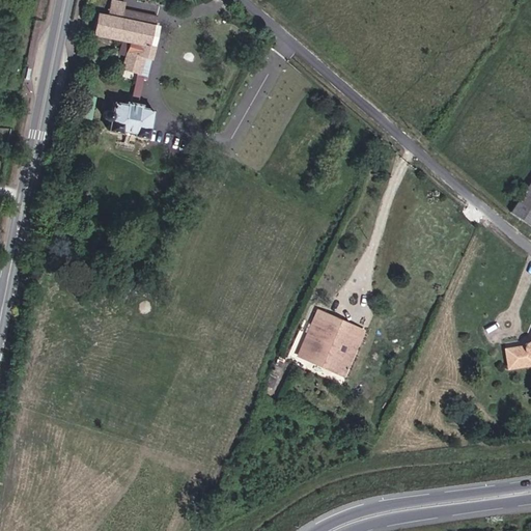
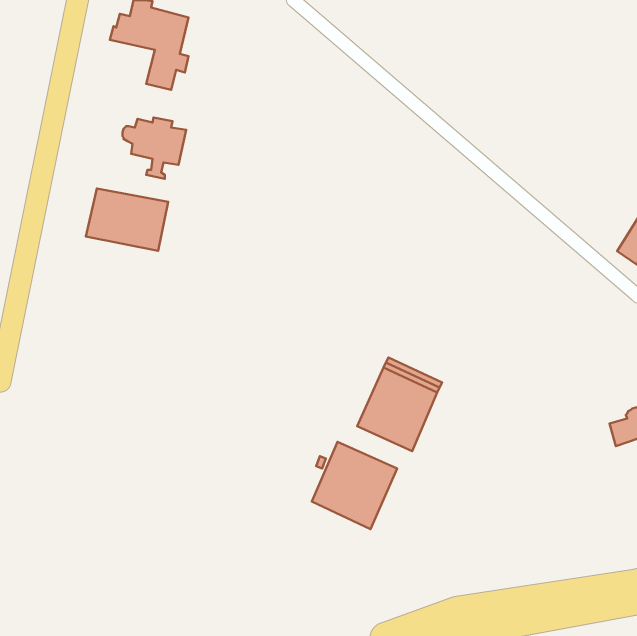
building: none -> [86,188,168,251]
building: none -> [312,442,397,529]

